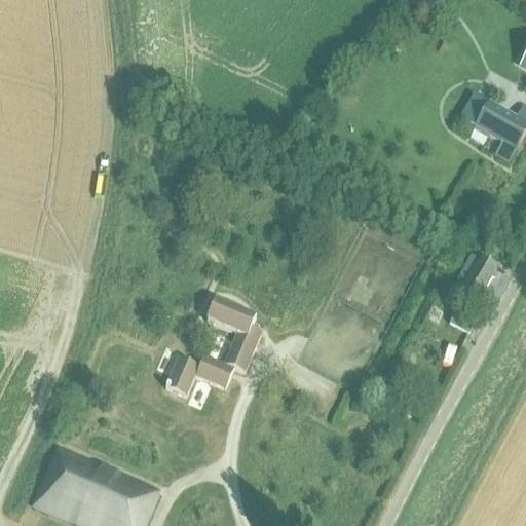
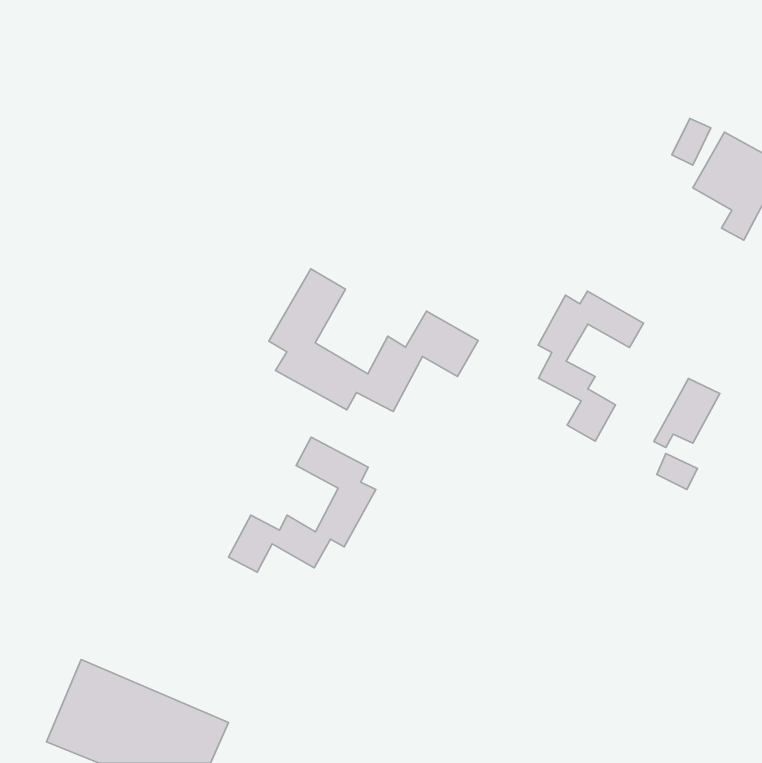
building: none -> [269,269,478,412]
building: none -> [538,291,644,441]

